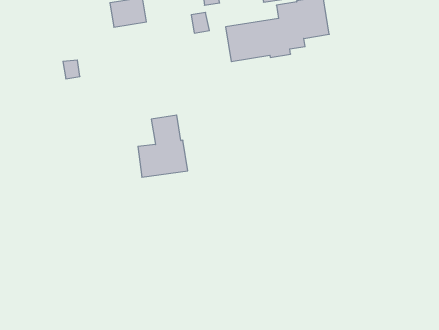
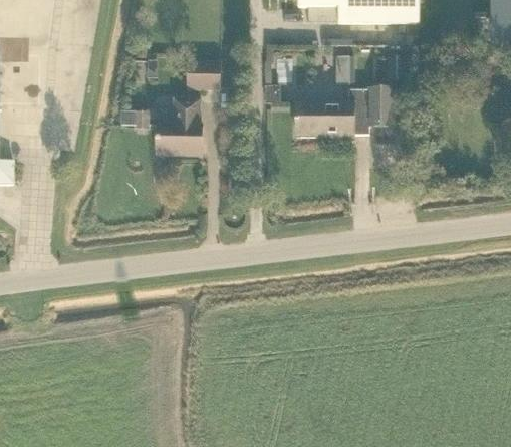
building: [138,115,188,177] -> [156,97,201,153]

